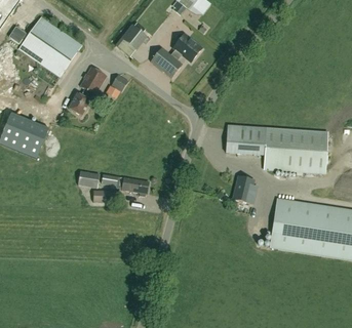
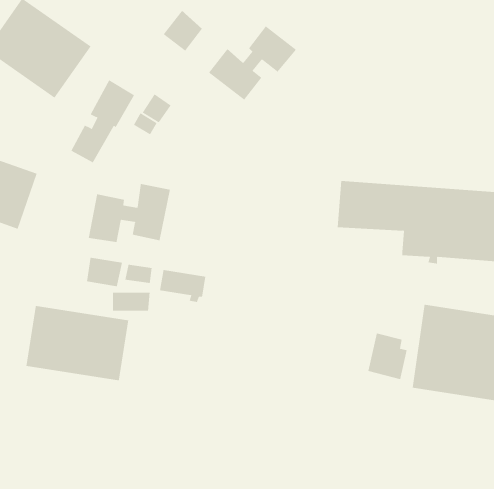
building: none -> [88,183,170,243]
building: [233,176,257,204] -> [368,333,408,380]
building: none -> [26,305,129,381]

